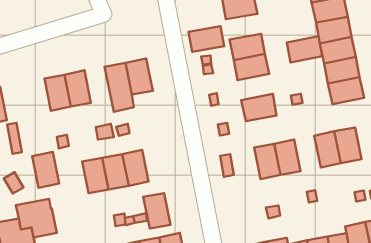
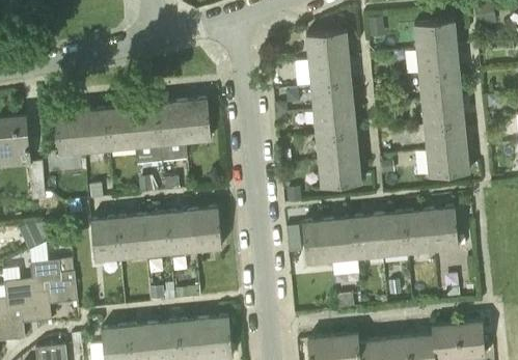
building: [189,26,224,52] -> [309,58,351,86]
building: [287,36,322,63] -> [317,133,358,162]
building: none -> [131,105,162,163]
building: none -> [55,112,85,155]
building: none -> [379,214,408,255]
building: none -> [303,221,333,262]
building: [32,152,59,188] -> [91,218,121,260]
building: [143,193,171,229] -> [192,209,222,250]

